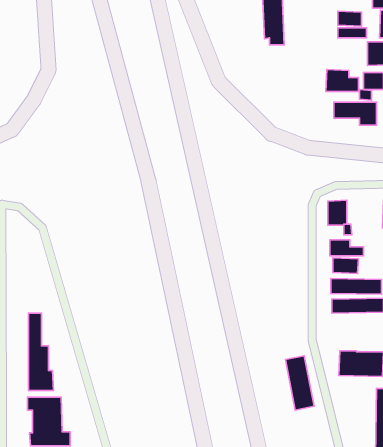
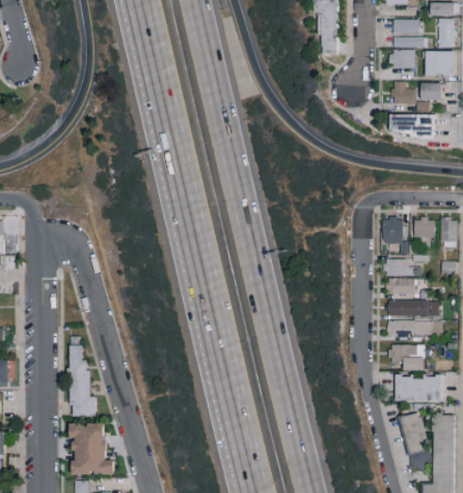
building: none -> [390,49,415,68]
building: none -> [413,218,434,237]
building: none -> [390,344,425,371]
building: [285,356,314,410] -> [401,413,431,470]

